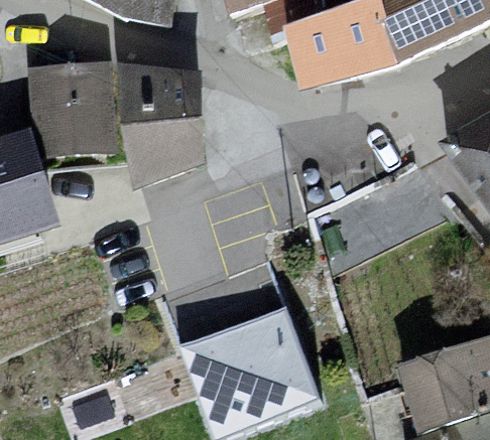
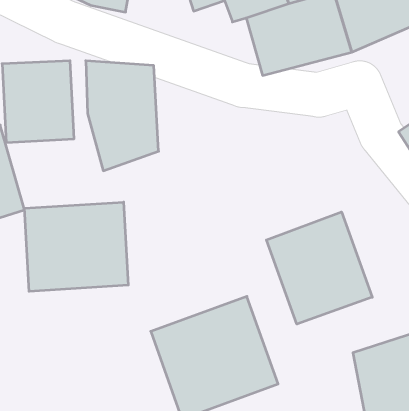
building: none -> [24,202,128,291]
building: none -> [266,212,372,324]

